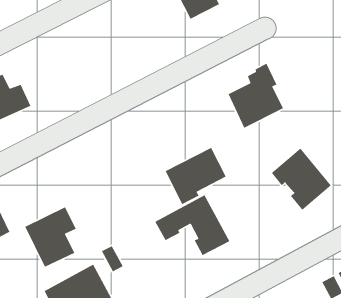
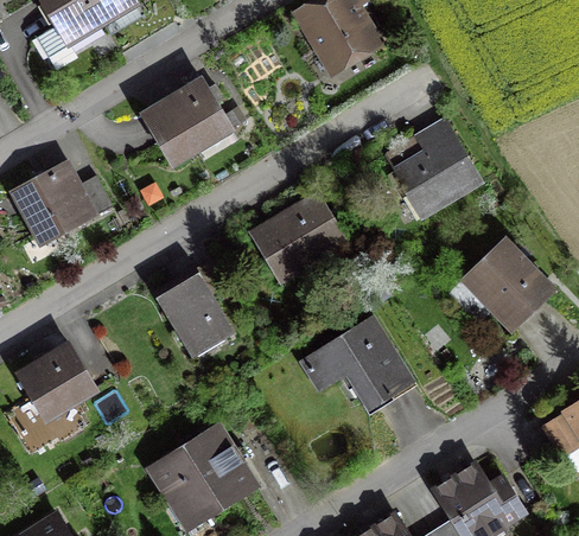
building: none -> [140,78,238,167]
building: [164,147,227,205] -> [252,194,342,281]
building: [24,206,77,268] -> [153,260,229,350]

